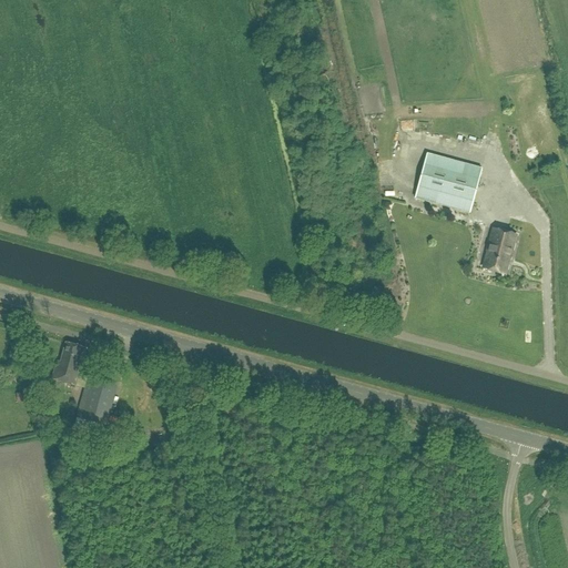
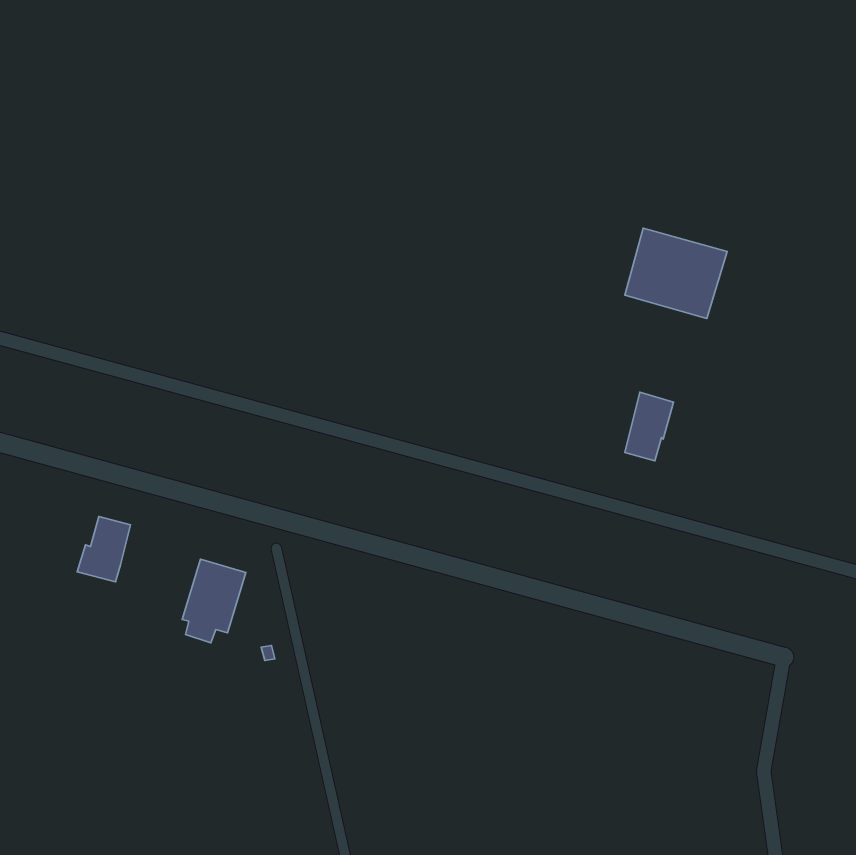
building: [483,227,515,273] -> [625,392,673,461]
building: [75,378,118,434] -> [182,559,246,643]

